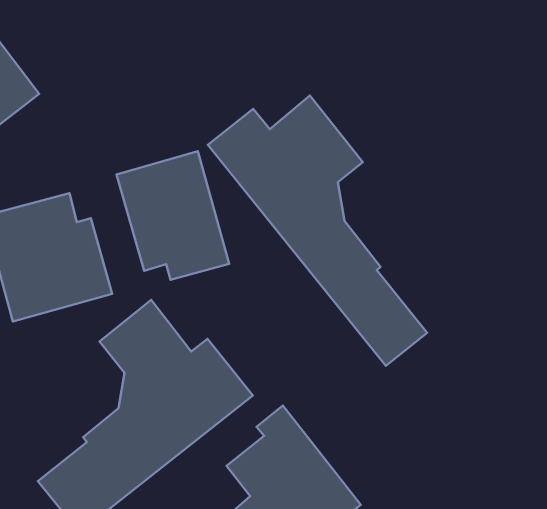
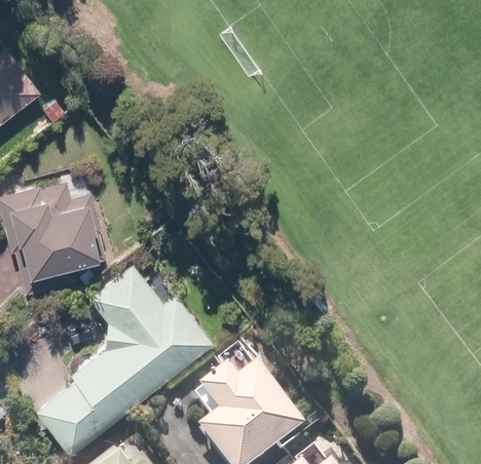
building: [208,96,427,366] -> none
building: [116,151,229,280] -> none

